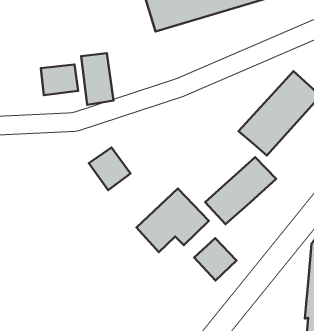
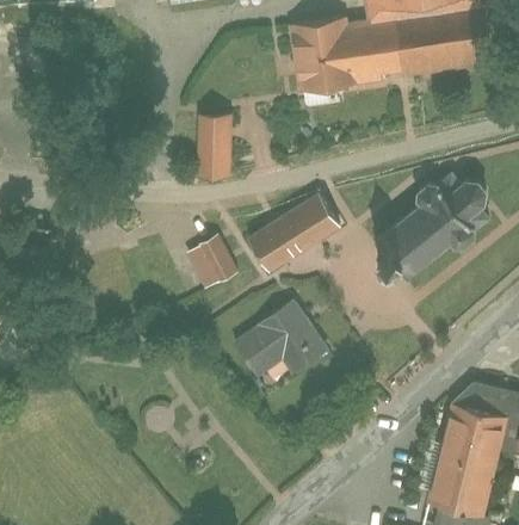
building: [41,65,78,95] -> none
building: [205,157,276,224] -> [246,191,341,271]
building: [194,238,237,280] -> none

